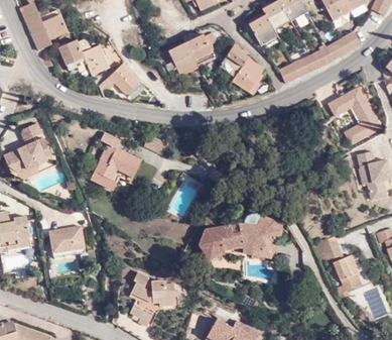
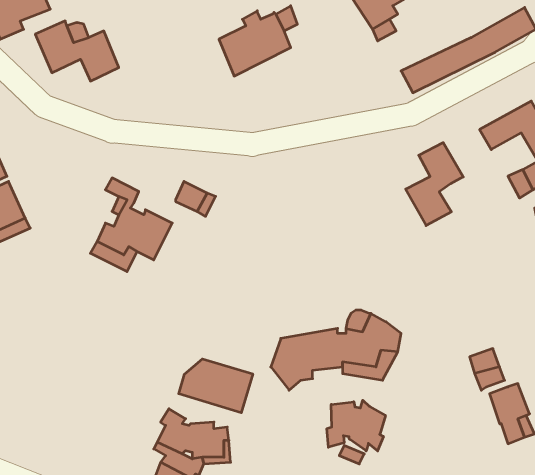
building: [219,44,262,94] -> none
building: [110,63,139,94] -> none
building: none -> [406,143,463,226]
building: [48,225,86,253] -> none
building: none -> [179,359,253,413]
building: none -> [327,400,385,451]

